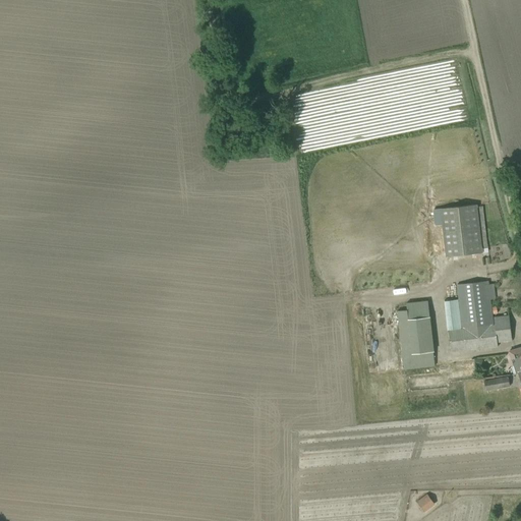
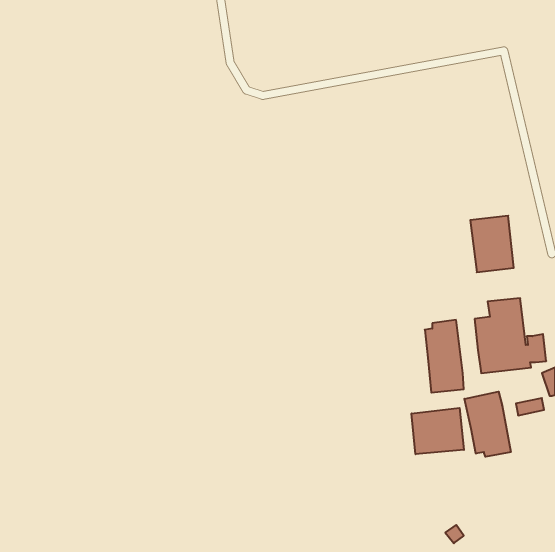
building: none -> [464,392,511,457]
building: none -> [412,408,464,454]

